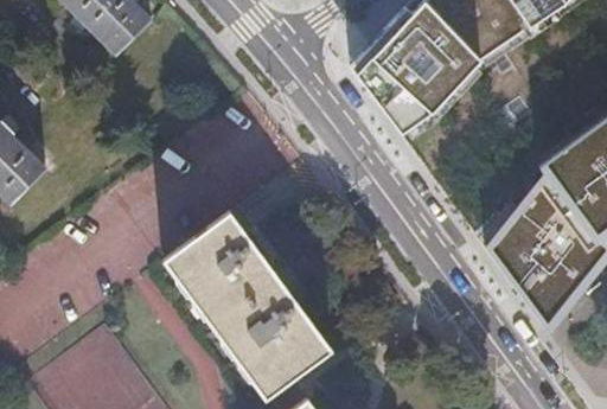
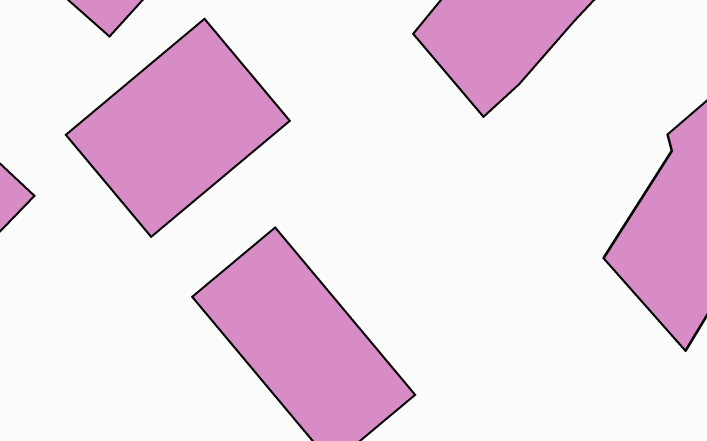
building: none -> [66,19,290,237]

